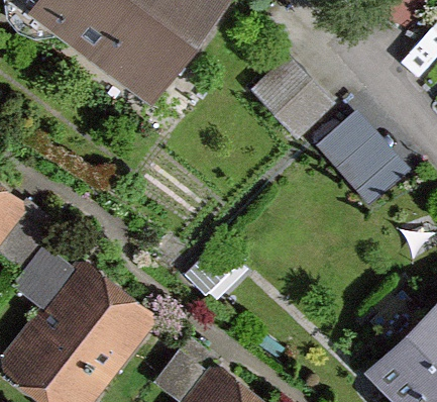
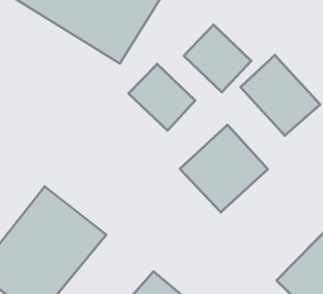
building: none -> [129,64,195,130]
building: none -> [180,125,268,212]

